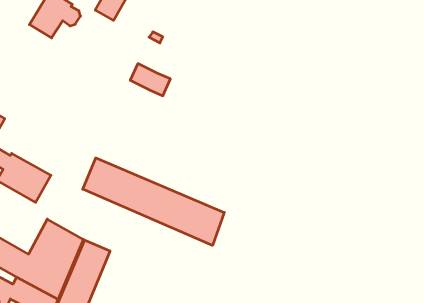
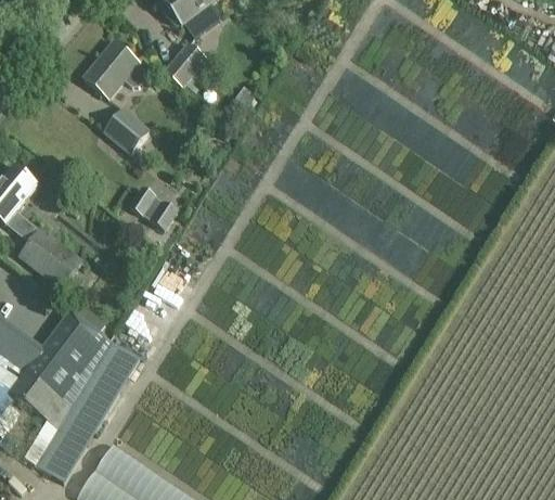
building: none -> [103,107,149,152]
building: [130,64,170,96] -> [129,187,177,229]
building: [83,158,224,245] -> none

